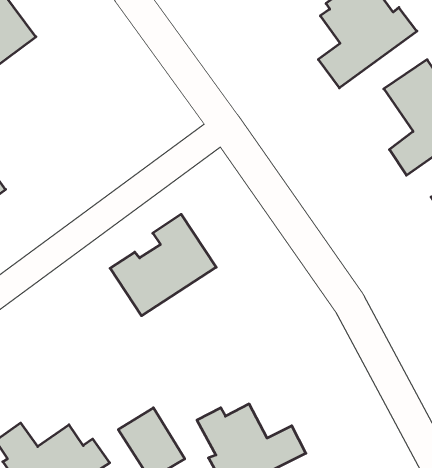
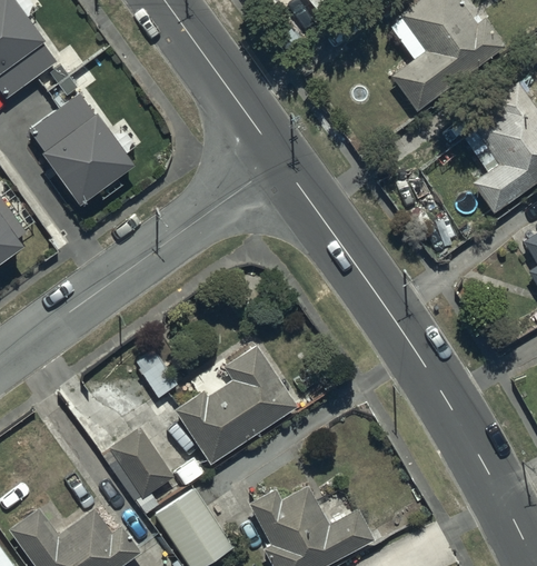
building: none -> [27,89,132,198]
building: [110,214,216,316] -> [173,347,298,466]
building: none -> [110,428,173,499]

